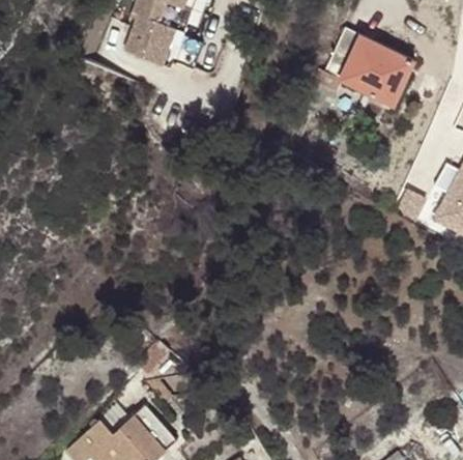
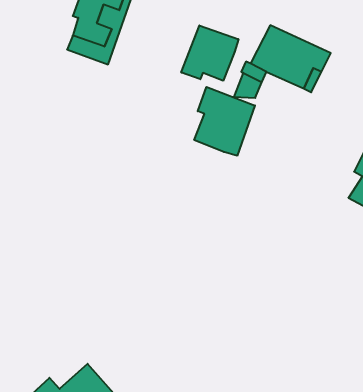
building: none -> [181,25,238,81]
building: none -> [194,87,255,156]

